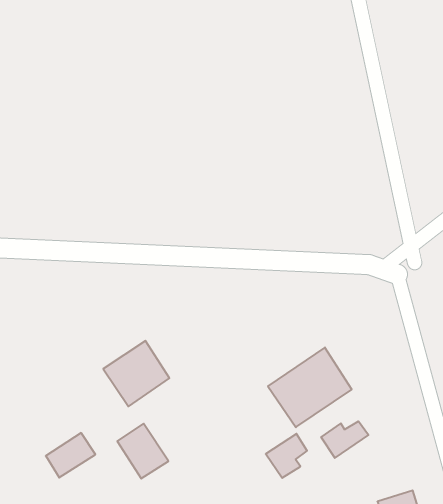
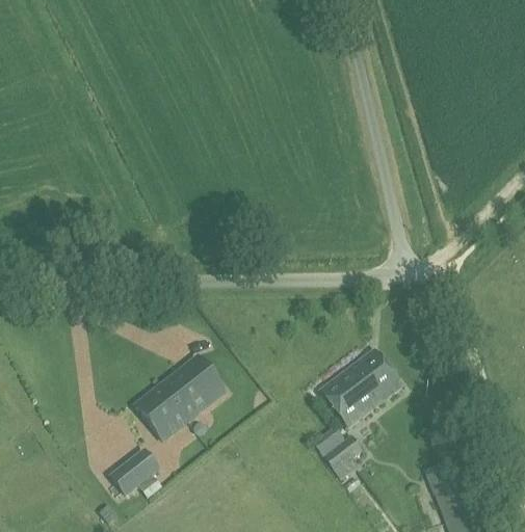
building: [321,421,368,458] -> none
building: [117,424,168,479] -> [135,384,186,437]

